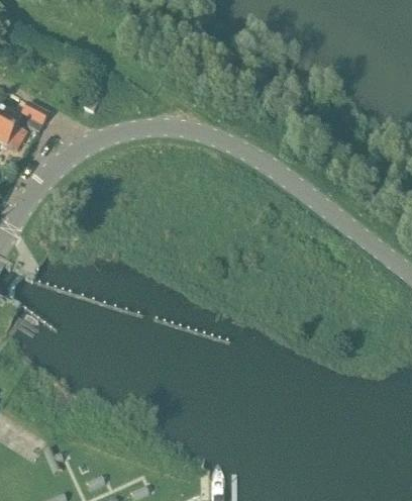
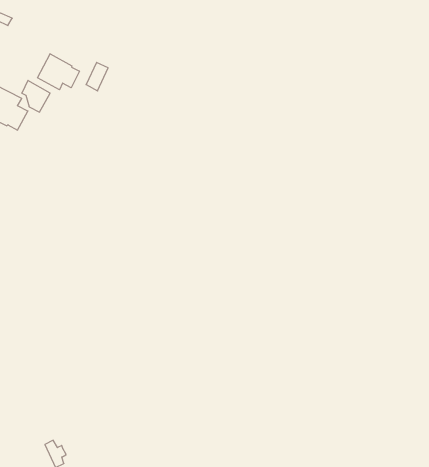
building: none -> [38,54,79,90]

